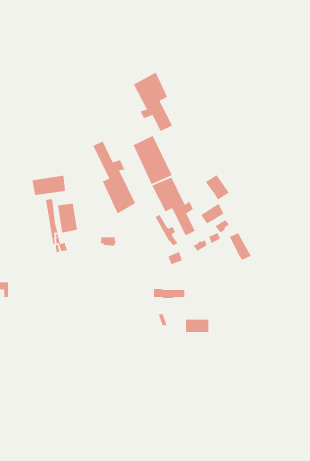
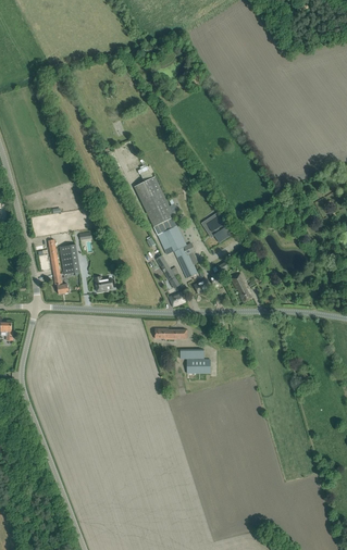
building: [133,72,173,132] -> none
building: [92,140,136,215] -> none
building: [32,175,66,196] -> none

